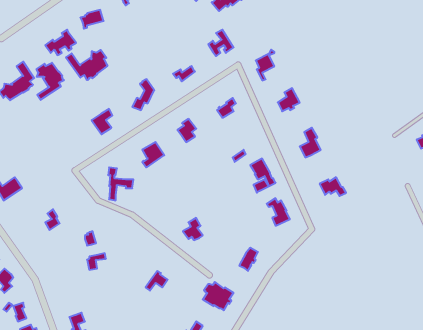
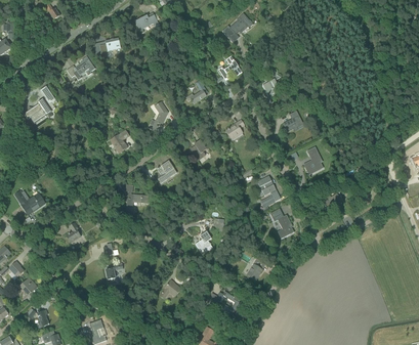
building: [66,50,107,80] -> none
building: [37,63,64,100] -> none

